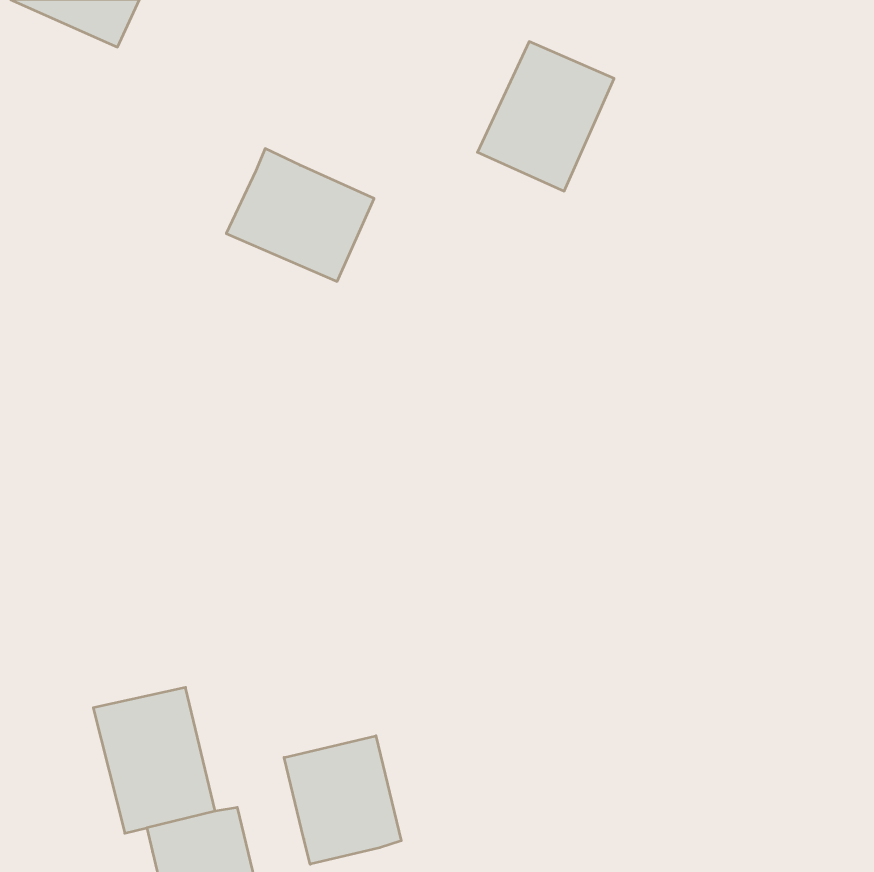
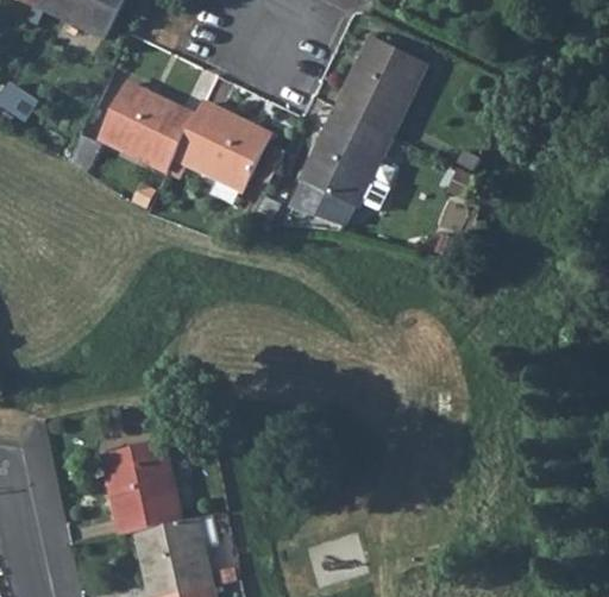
building: none -> [103,82,197,166]
building: none -> [300,102,396,216]
building: [284,736,401,864] -> none

